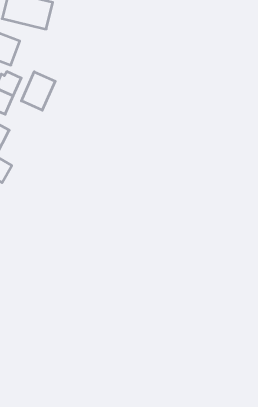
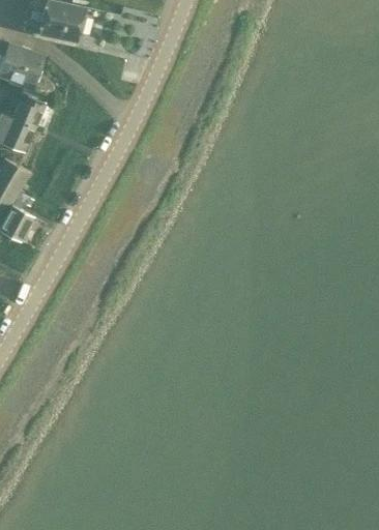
building: [21,72,55,110] -> none

